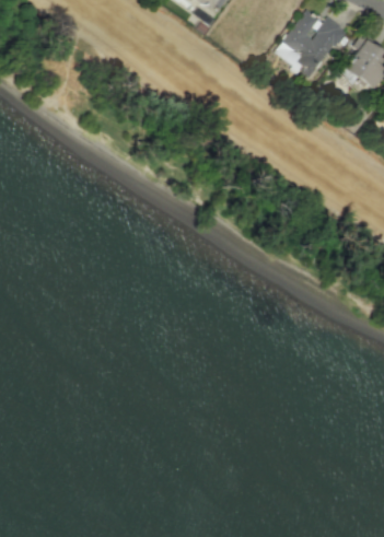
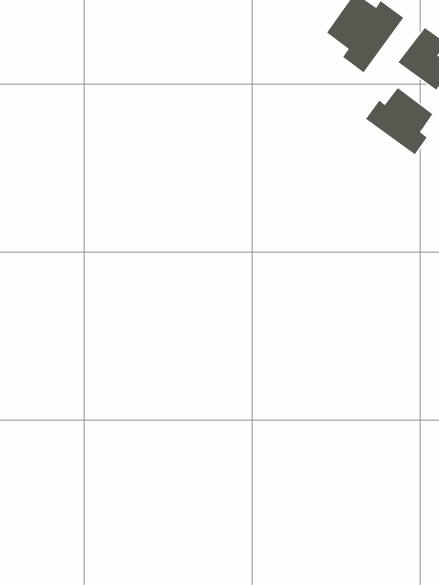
building: none -> [365,87,433,155]

